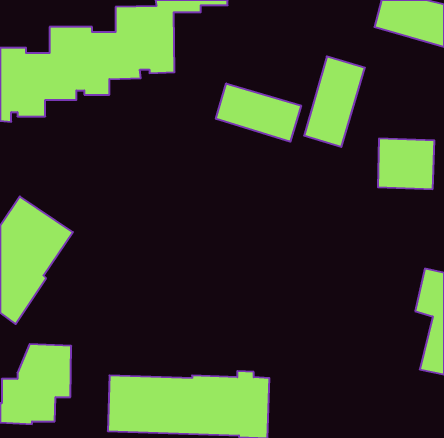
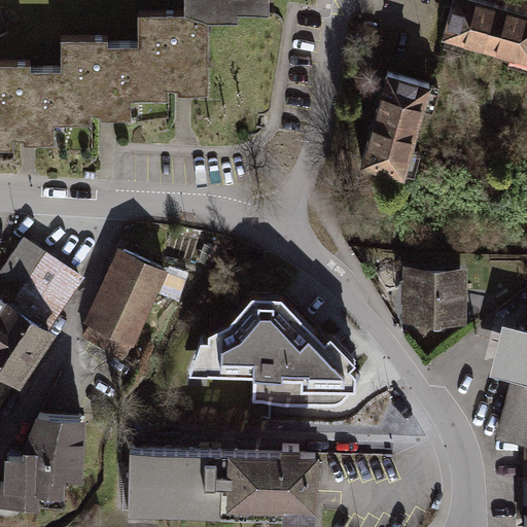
building: [216,83,301,142] -> none
building: [378,139,434,189] -> [402,268,469,327]
building: none -> [81,250,169,365]
building: none -> [188,296,361,410]

